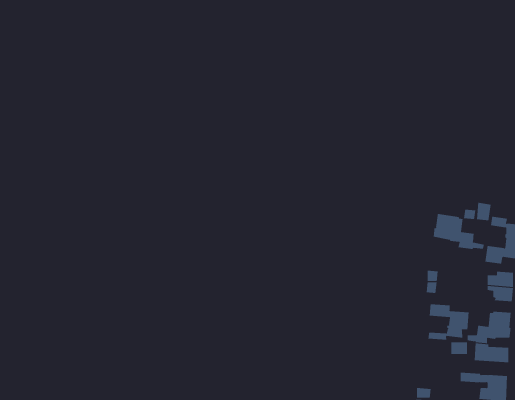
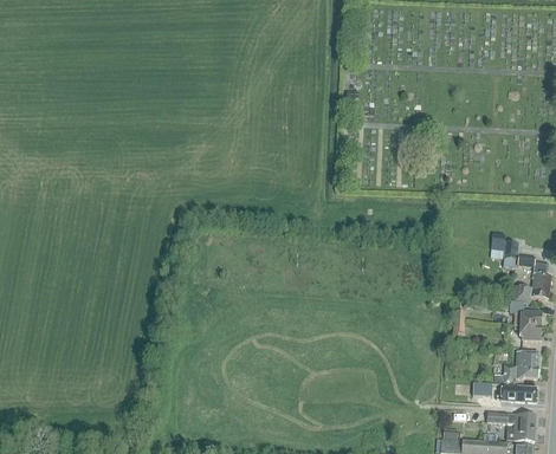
building: [433,213,484,250] -> none
building: [428,303,469,340] -> none

